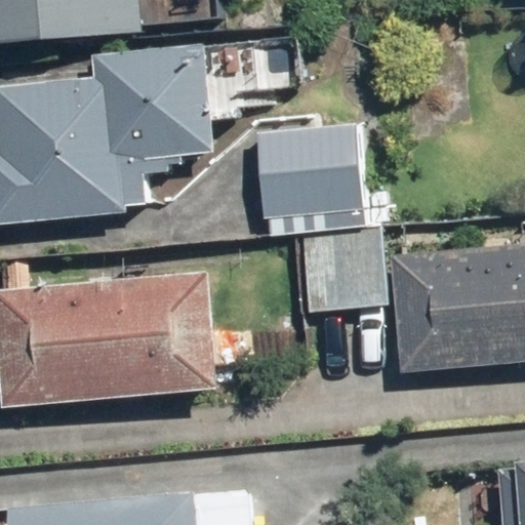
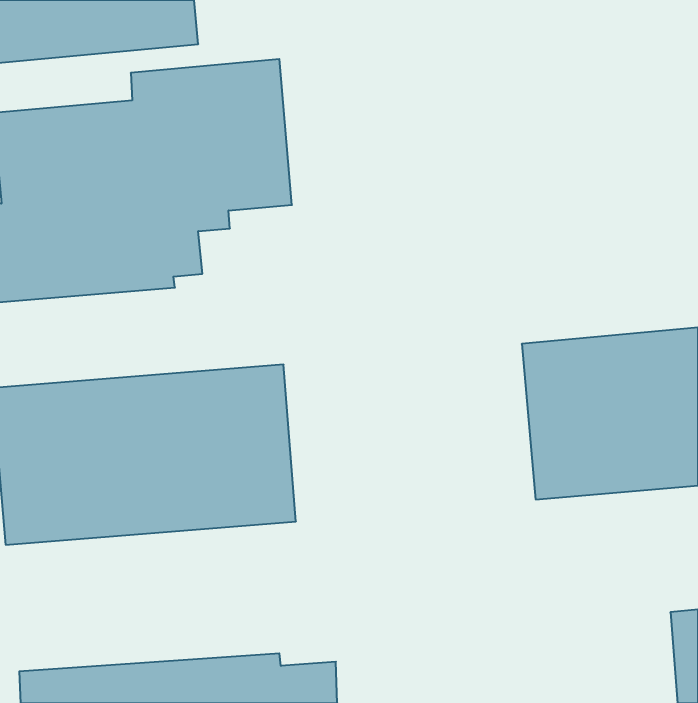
building: [255,122,368,216] -> none
building: [297,225,387,312] -> none

